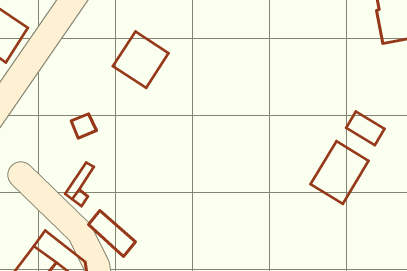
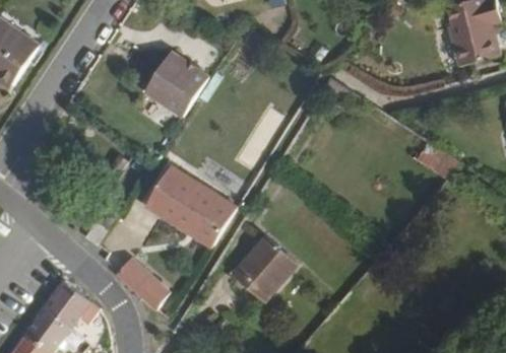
building: none -> [144,164,238,246]
building: [311,141,369,204] -> none
building: none -> [225,242,287,305]

